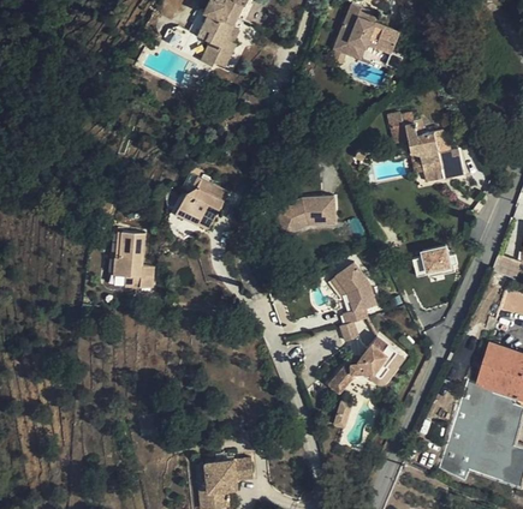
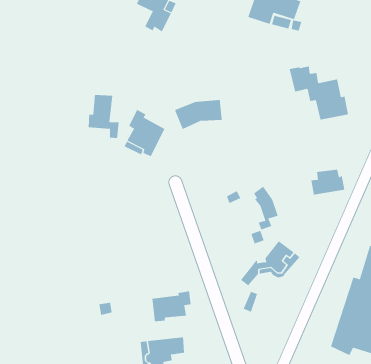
building: [273,197,334,235] -> [175,100,222,130]
building: [112,233,153,289] -> [88,95,120,139]
building: none -> [152,290,191,322]

